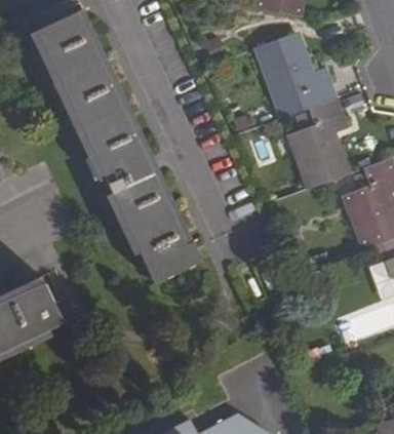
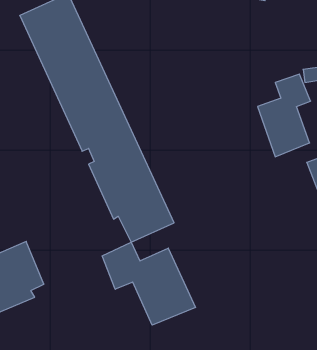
building: [258,33,337,117] -> none
building: none -> [102,242,196,325]

